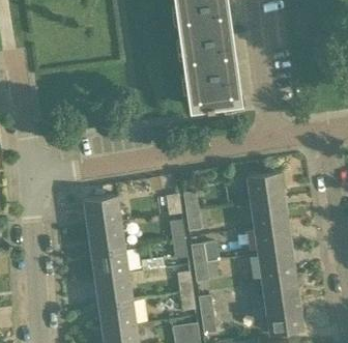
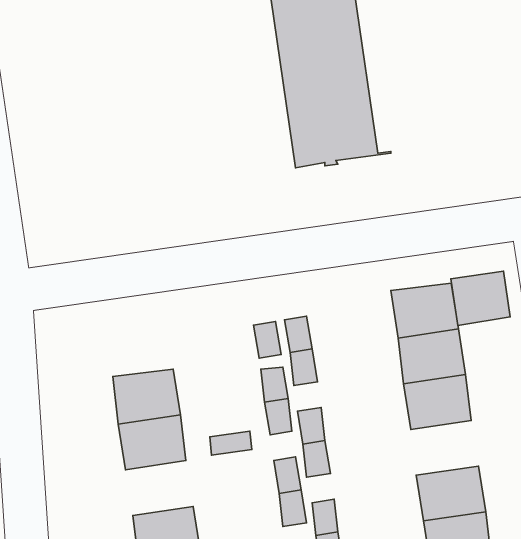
building: none -> [451,271,510,326]
building: [83,195,121,226] -> none
building: [256,251,294,282] -> none
building: [94,274,133,305] -> none

